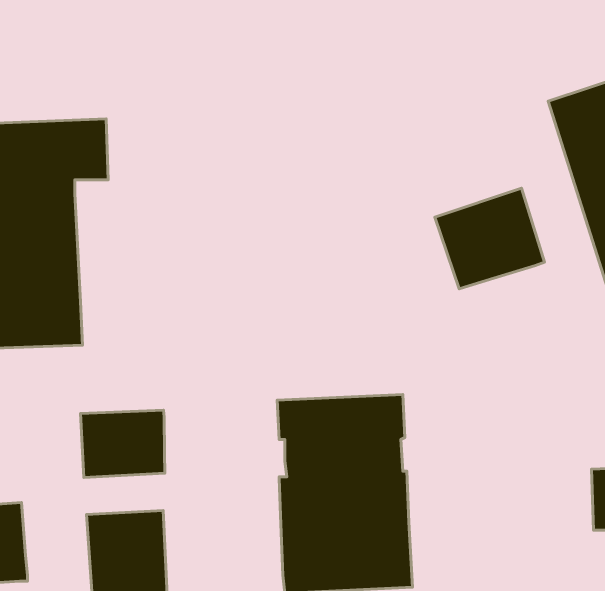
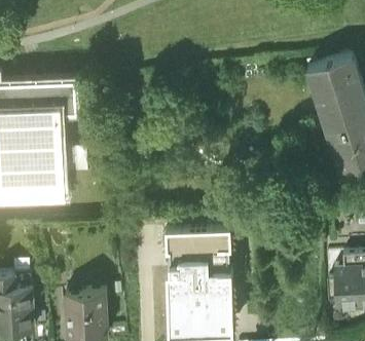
building: [435,188,544,289] -> none
building: [80,410,165,478] -> none

